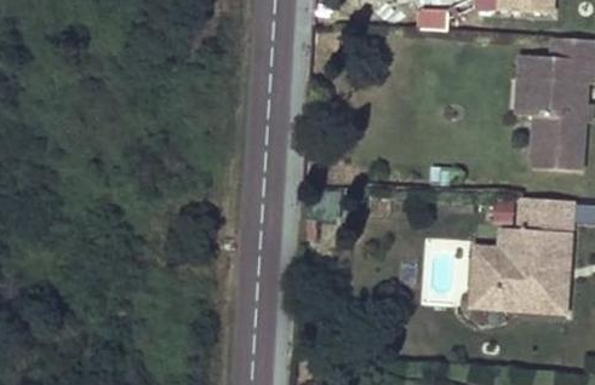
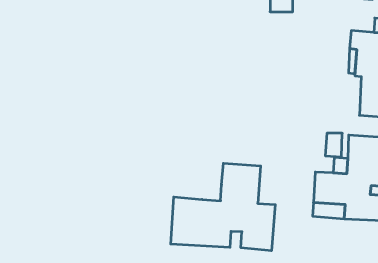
building: none -> [171,163,275,251]

